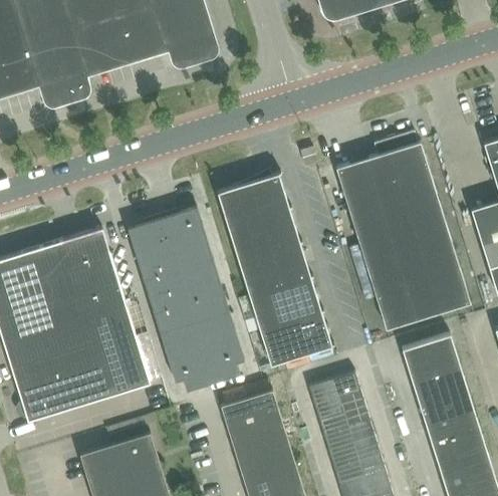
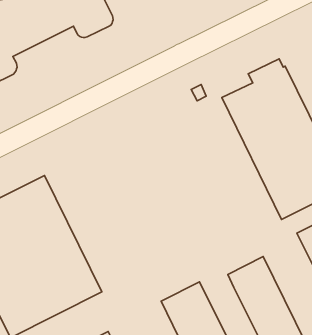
building: [217,173,334,364] -> none
building: [128,207,244,392] -> none

